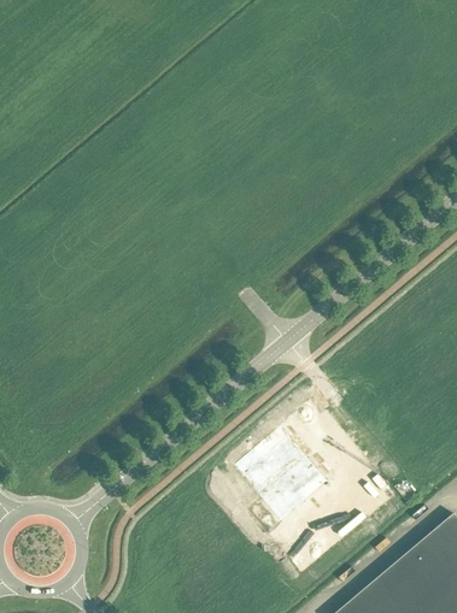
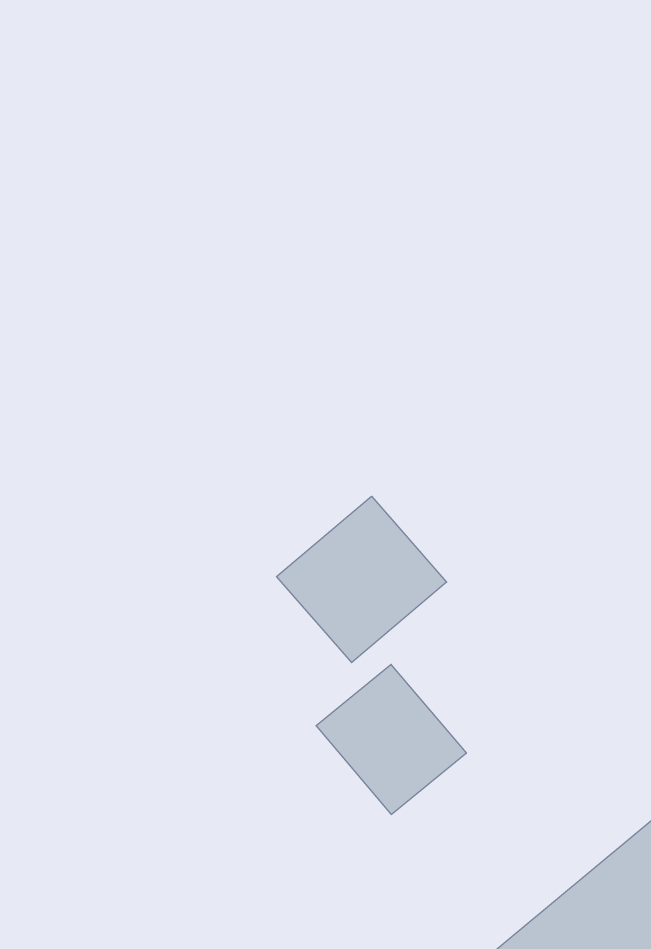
building: none -> [277,496,447,663]

